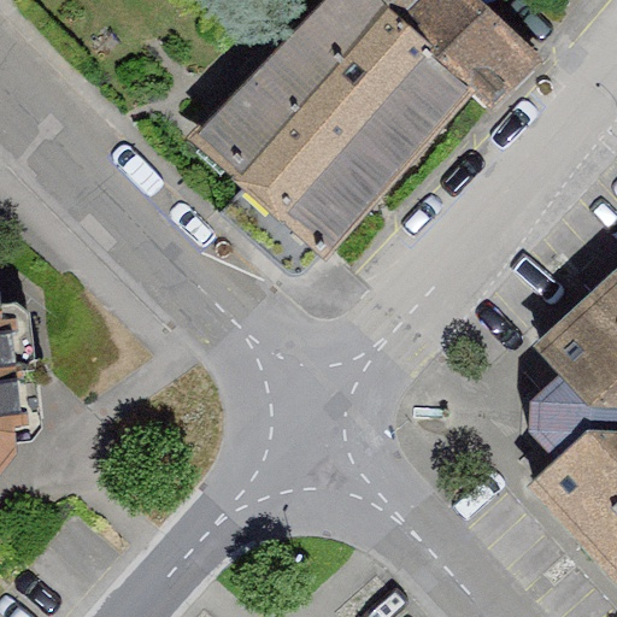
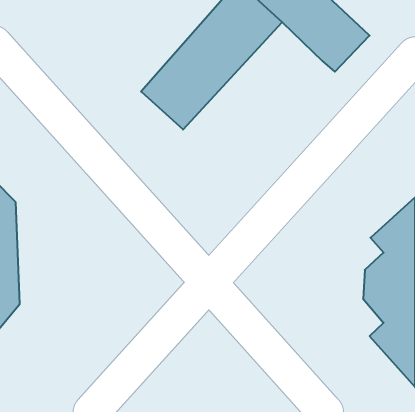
building: [268,33,471,245] -> none

